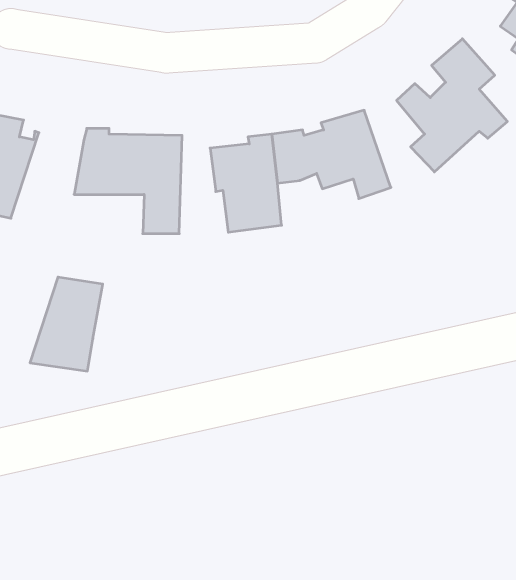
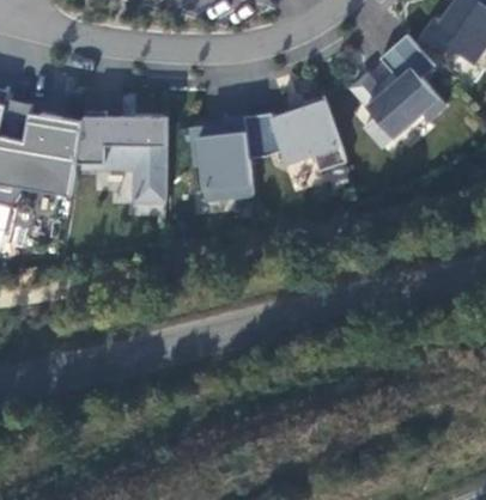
building: [30,277,103,371] -> [20,116,83,196]

